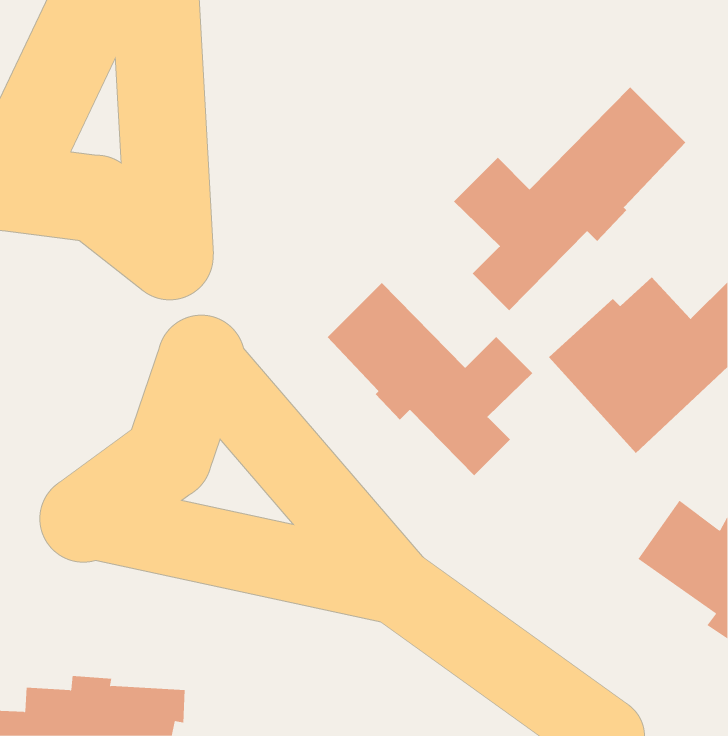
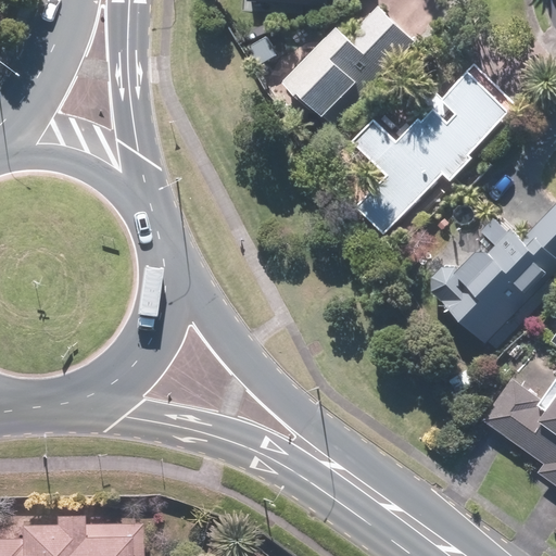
building: none -> [287,8,413,121]
building: [327,282,533,476] -> none

